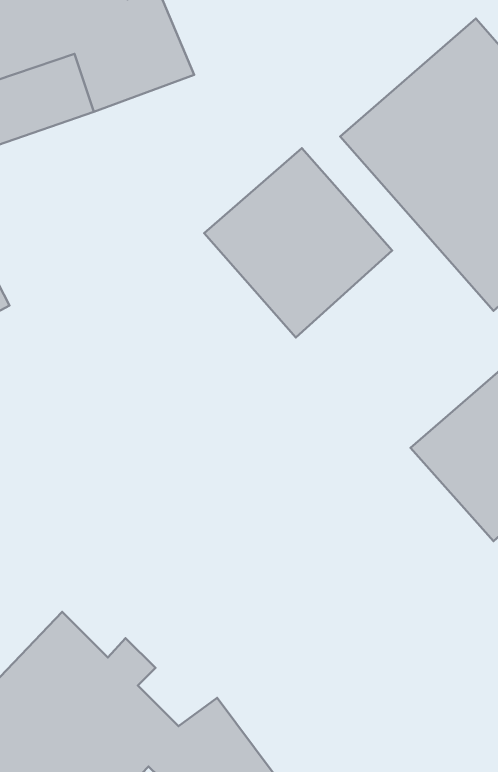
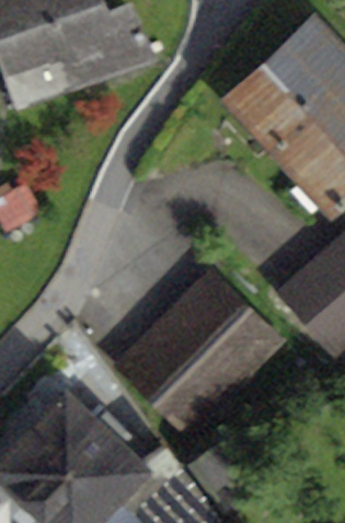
building: [204,148,392,338] -> none
building: none -> [123,278,274,430]

